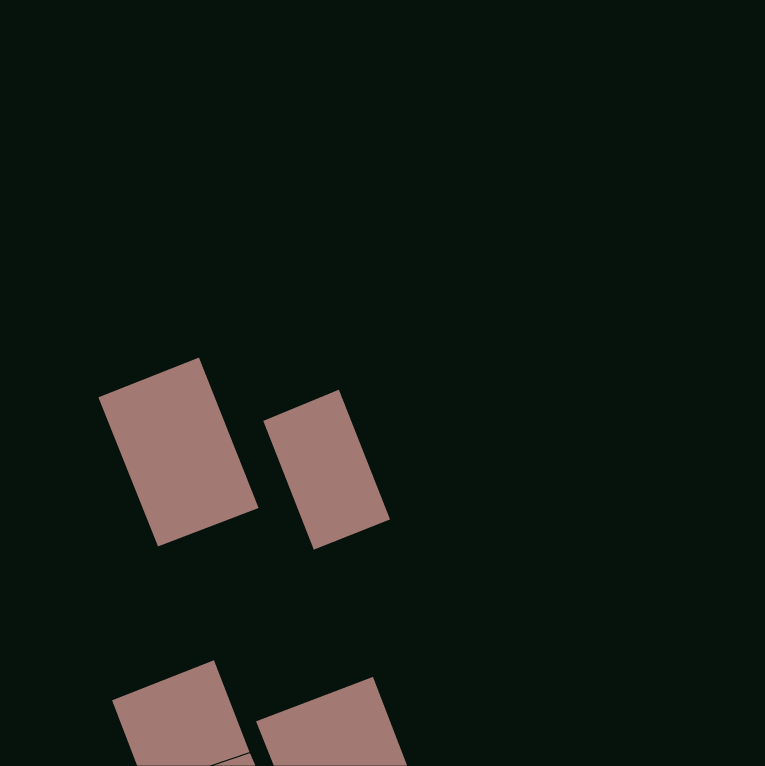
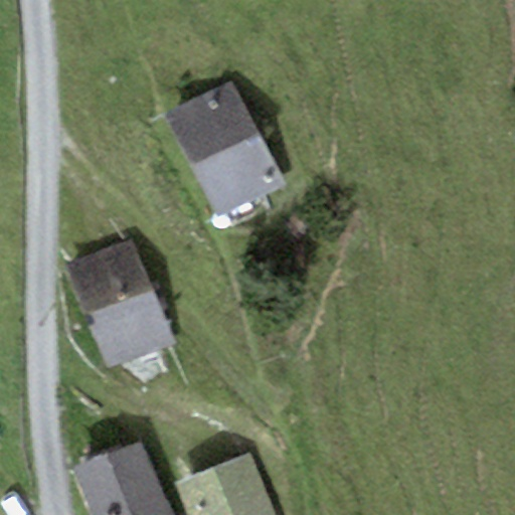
building: none -> [165,84,283,223]
building: [262,389,391,550] -> none

